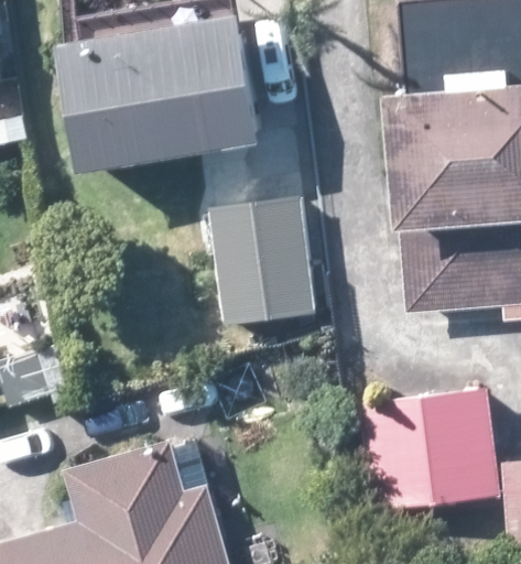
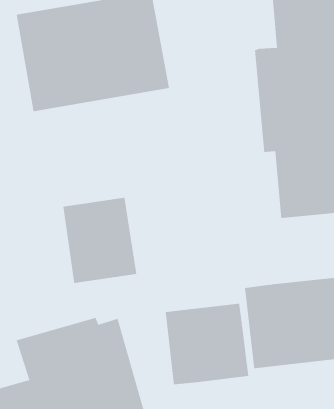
building: [222,203,319,315] -> [63,197,137,283]
building: none -> [165,303,249,385]

